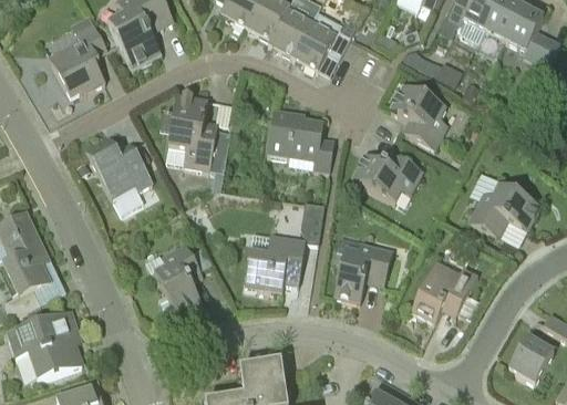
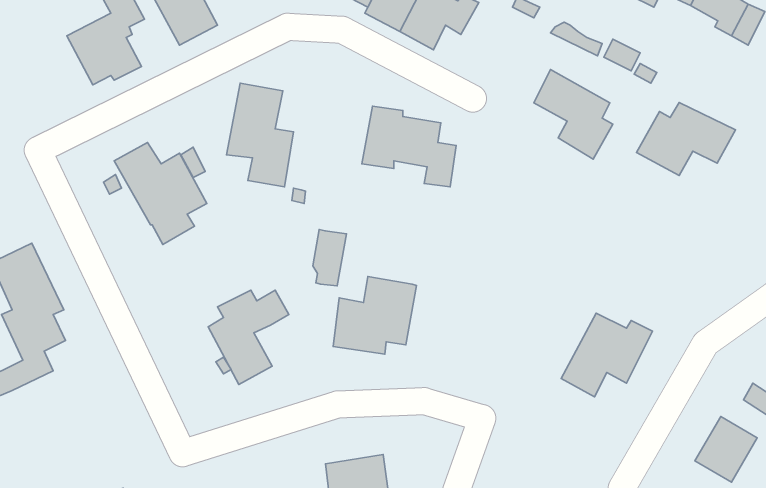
building: [352,153,423,200] -> none
building: [468,184,540,237] -> [637,102,735,175]
building: [300,200,324,241] -> [313,229,346,286]
building: [333,241,392,300] -> none
building: [8,310,82,377] -> none

